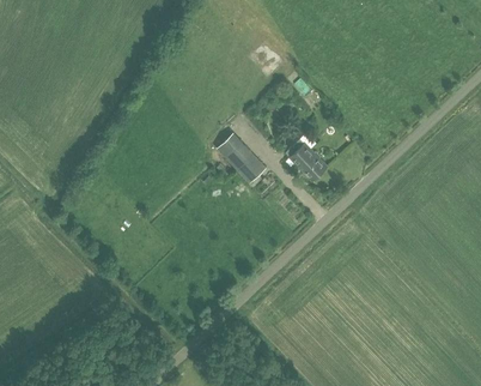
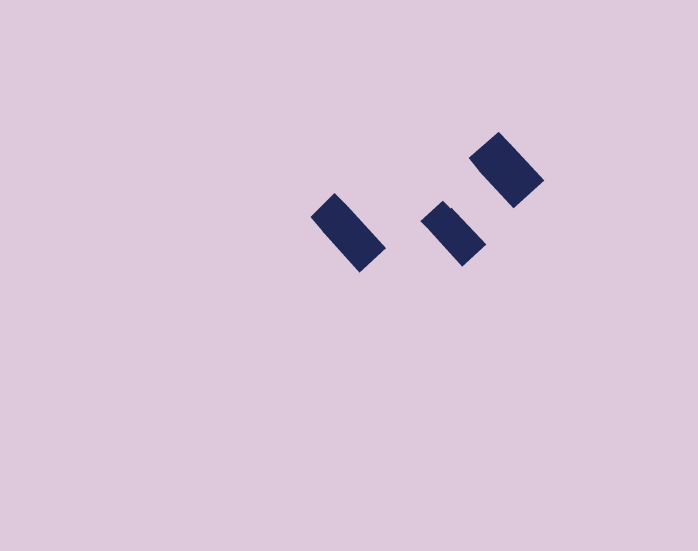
building: none -> [467,131,545,209]

